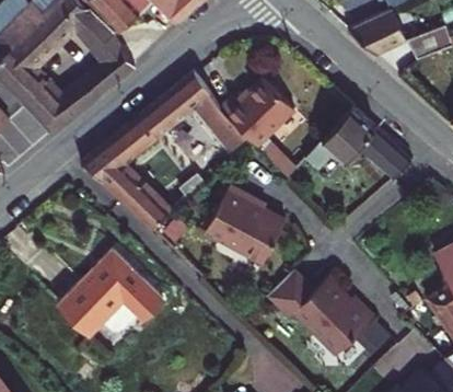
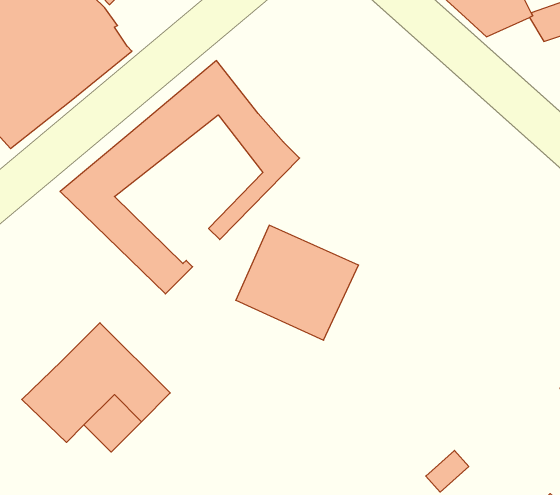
building: [220,78,294,178] -> none
building: [304,107,413,181] -> none
building: [266,268,372,348] -> none

